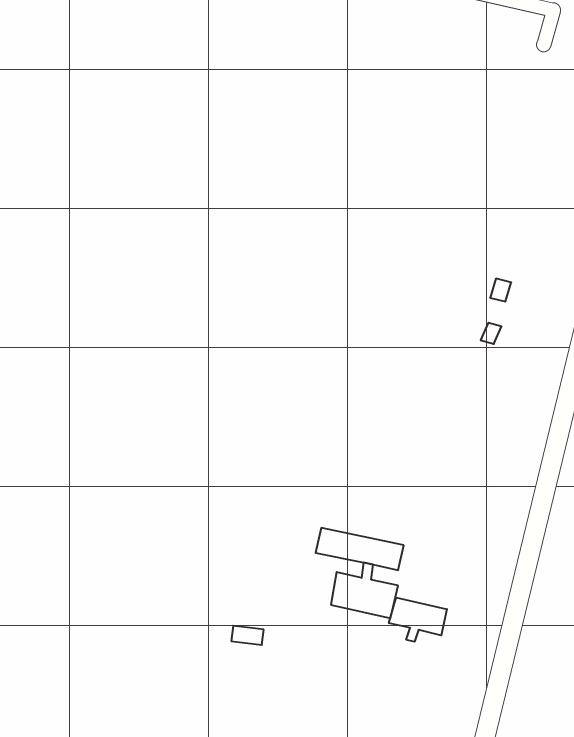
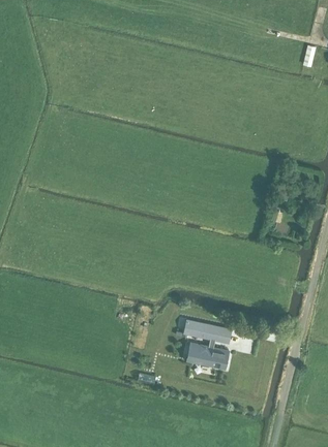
building: [389,598,447,642] -> none

